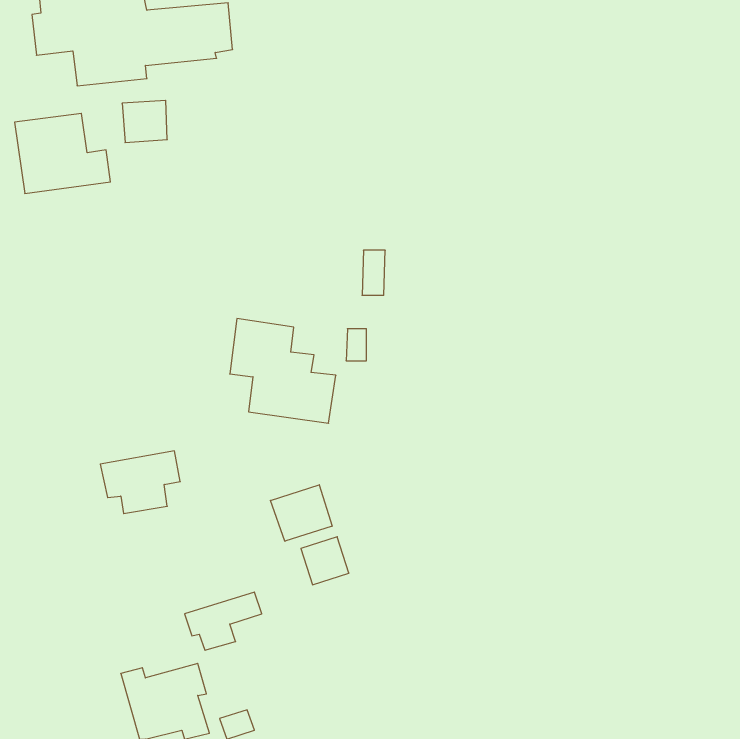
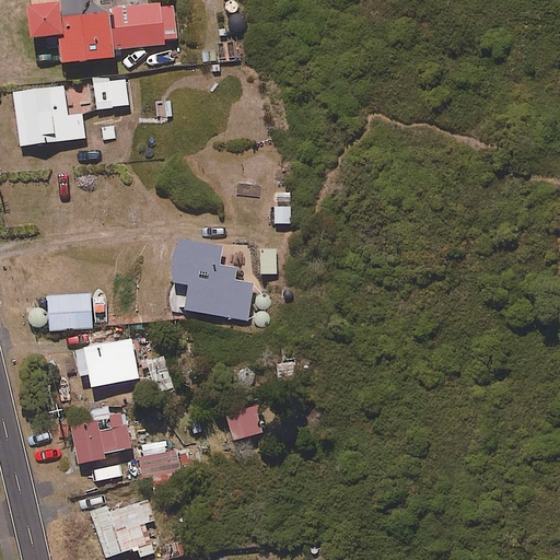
building: none -> [46,291,92,329]
building: [270,485,332,541] -> none
building: none -> [73,404,131,463]

